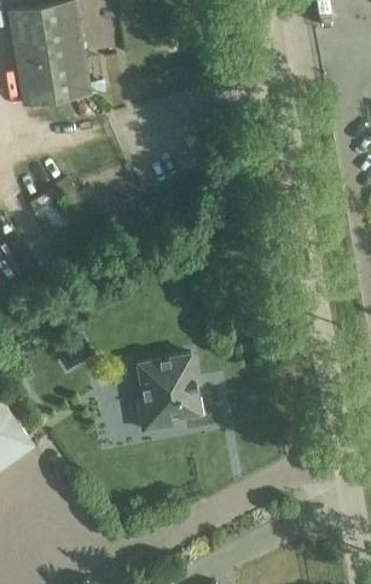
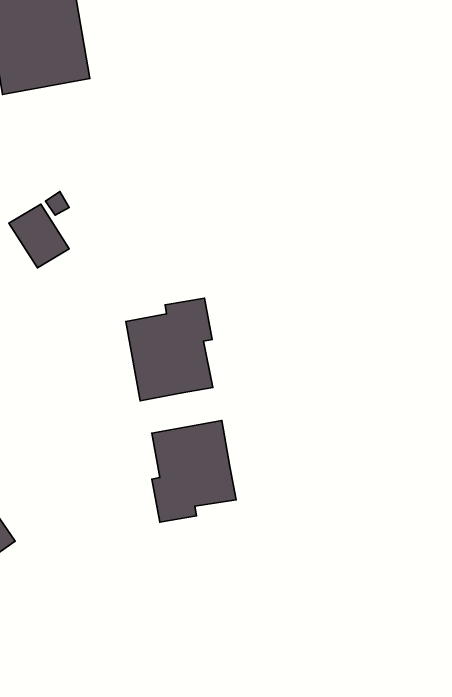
building: none -> [126,298,213,401]

